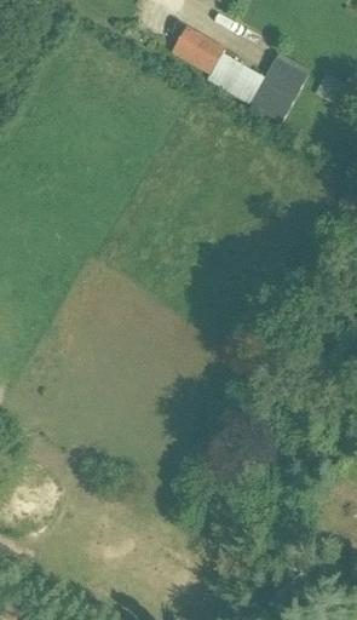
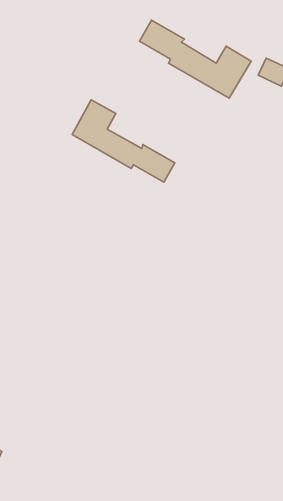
building: none -> [72,100,175,182]

